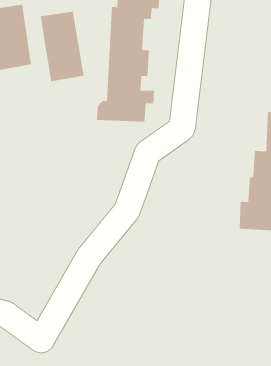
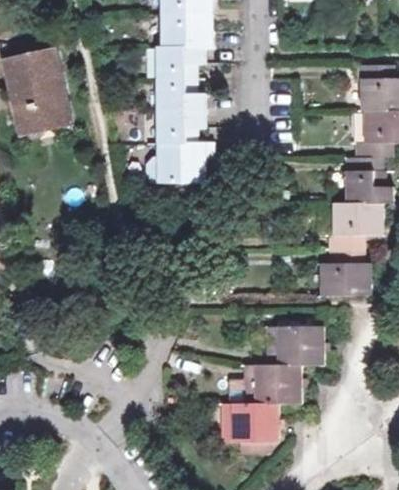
building: [40,11,85,82] -> none
building: none -> [222,326,323,443]

